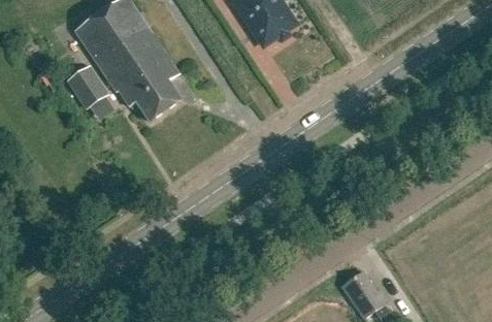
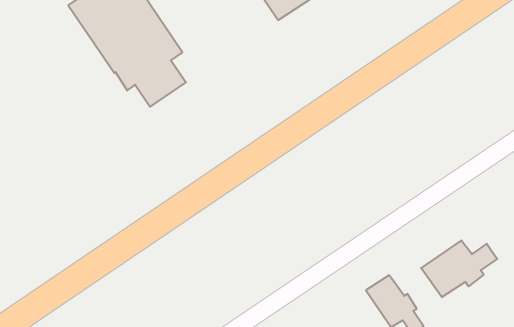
building: [68,66,107,107] -> none
building: none -> [421,240,497,297]

